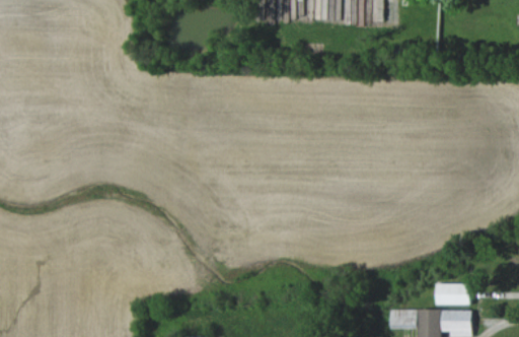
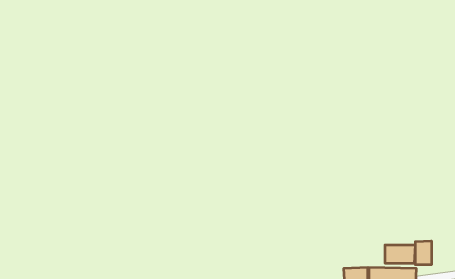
building: none -> [415,241,431,265]

